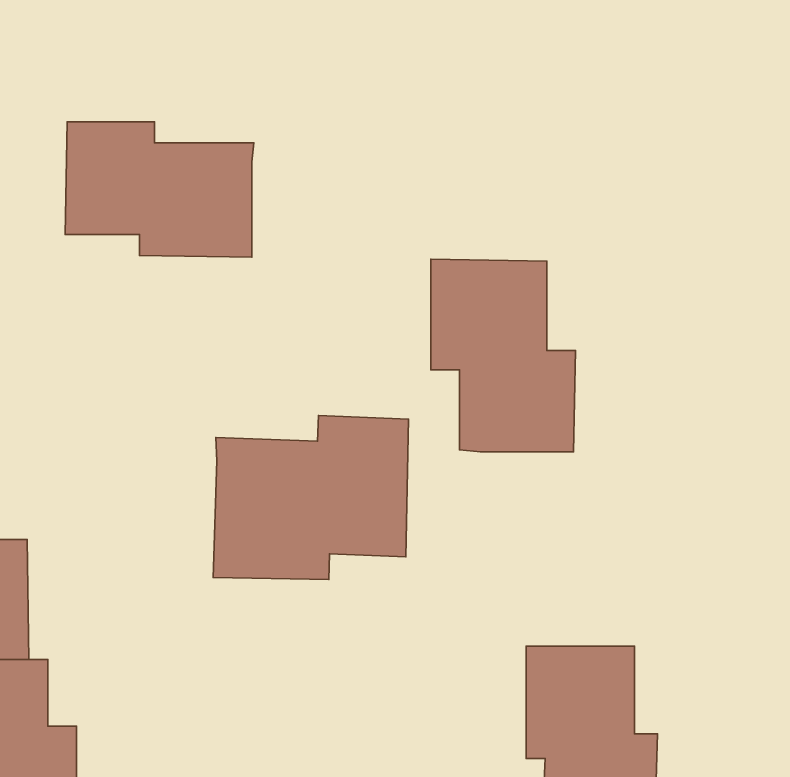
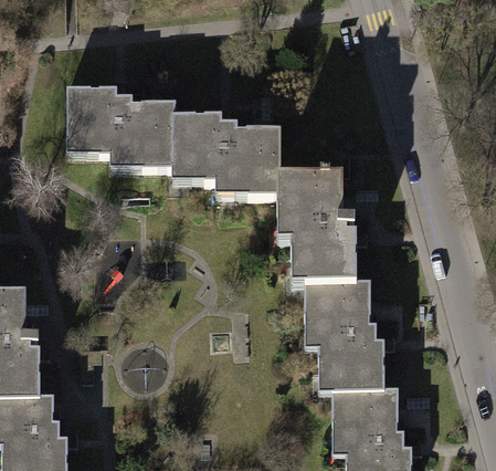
building: none -> [172,111,277,192]
building: [213,416,408,580] -> none
building: none -> [304,279,386,391]

